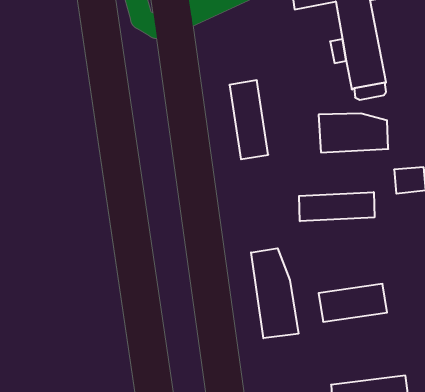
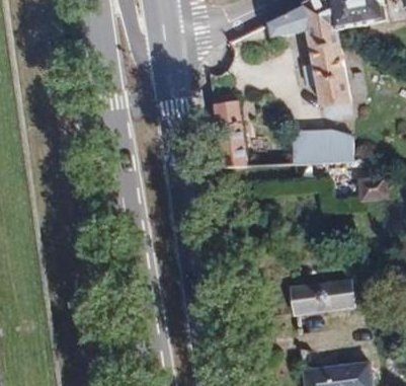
building: [299,192,374,221] -> none
building: [251,248,298,338] -> none

